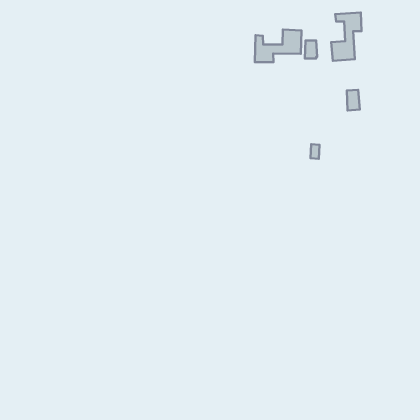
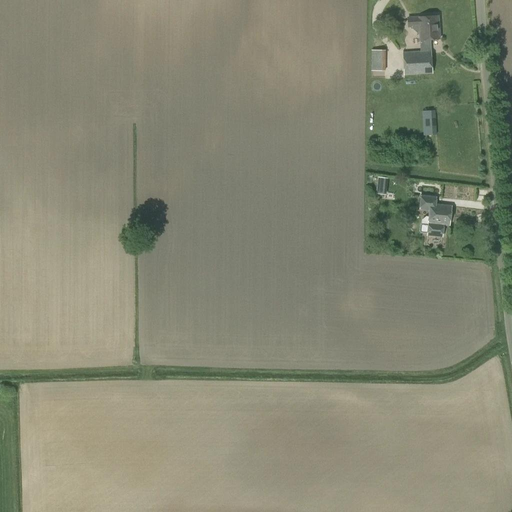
building: [255,30,301,62] -> none
building: none -> [419,195,451,236]

